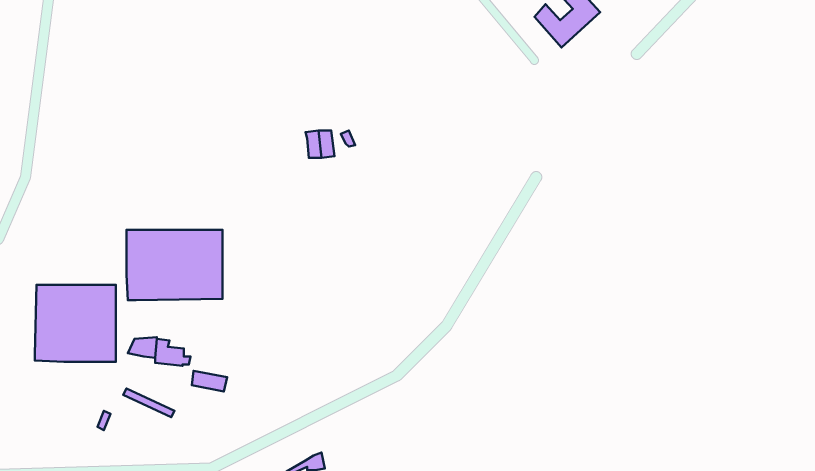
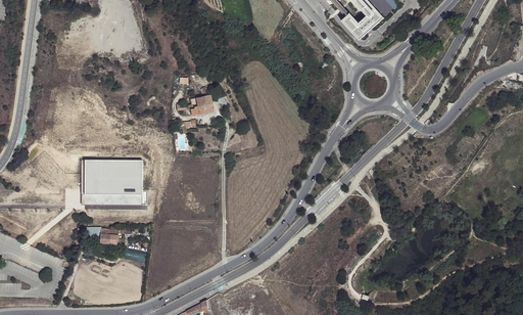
building: [35,285,116,362] -> none

